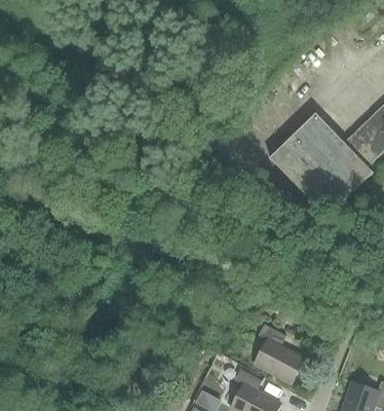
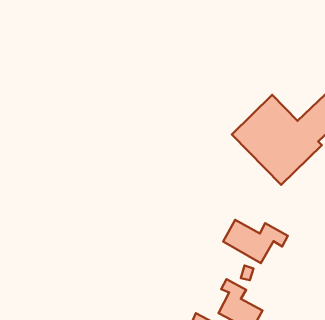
building: none -> [223,220,288,263]

